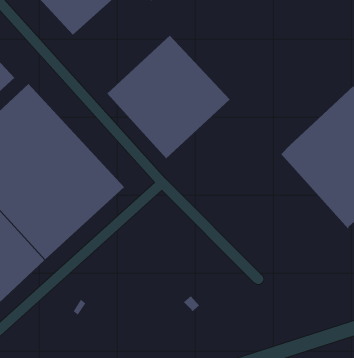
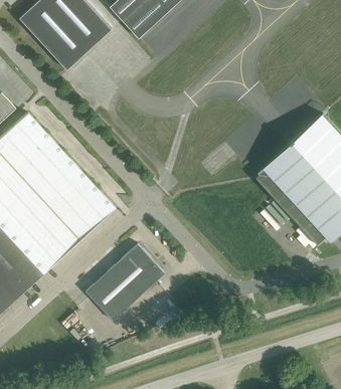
building: [107,35,230,159] -> none
building: none -> [86,243,162,321]

